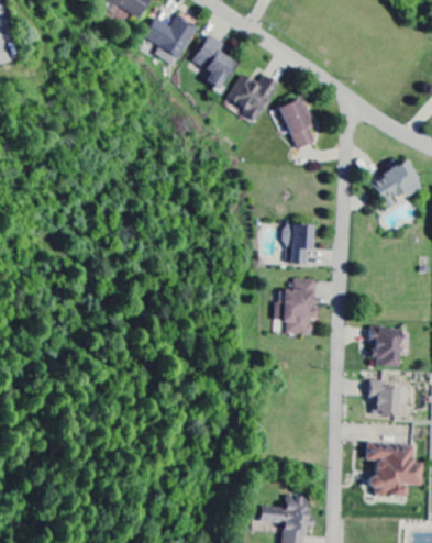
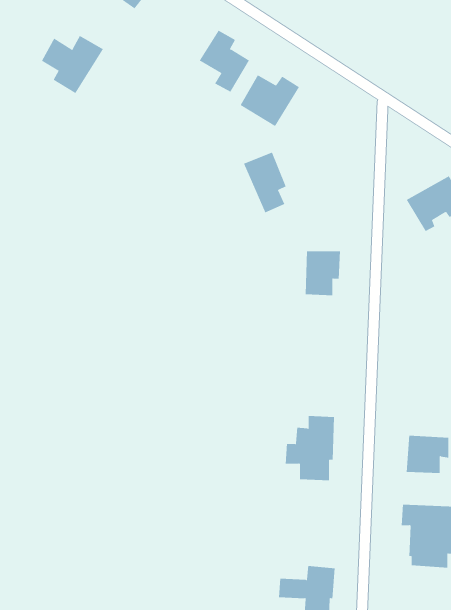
building: [143,14,197,65] -> [41,35,104,94]
building: [278,96,315,148] -> [243,152,287,213]
building: [273,278,315,334] -> [285,415,335,481]
building: [372,328,399,366] -> none

